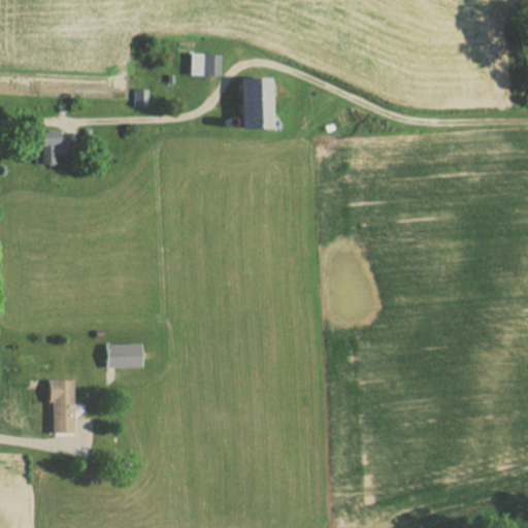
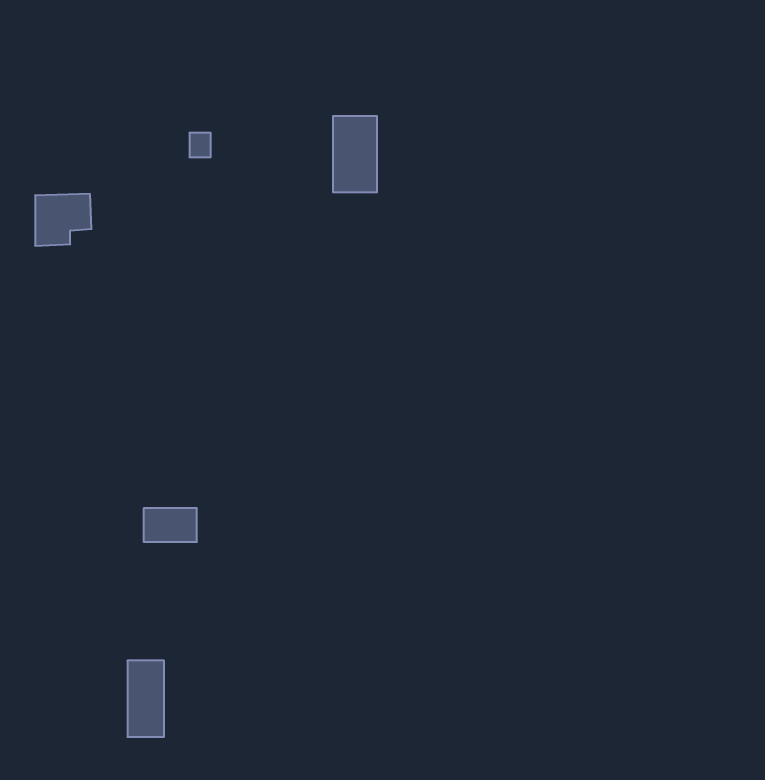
building: [192,55,221,76] -> none
building: [52,381,76,432] -> [127,661,164,737]

